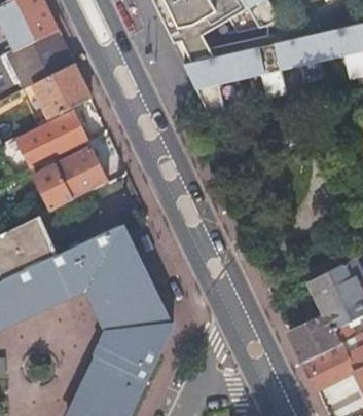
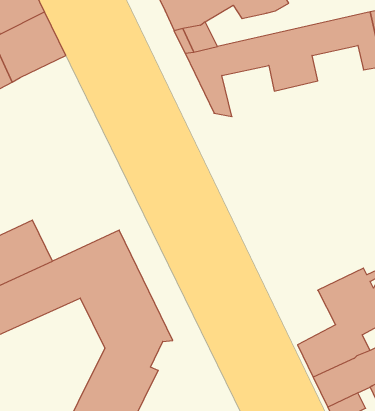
building: [31,64,89,119] -> none
building: [21,111,90,167] -> none
building: [34,148,109,212] -> none

